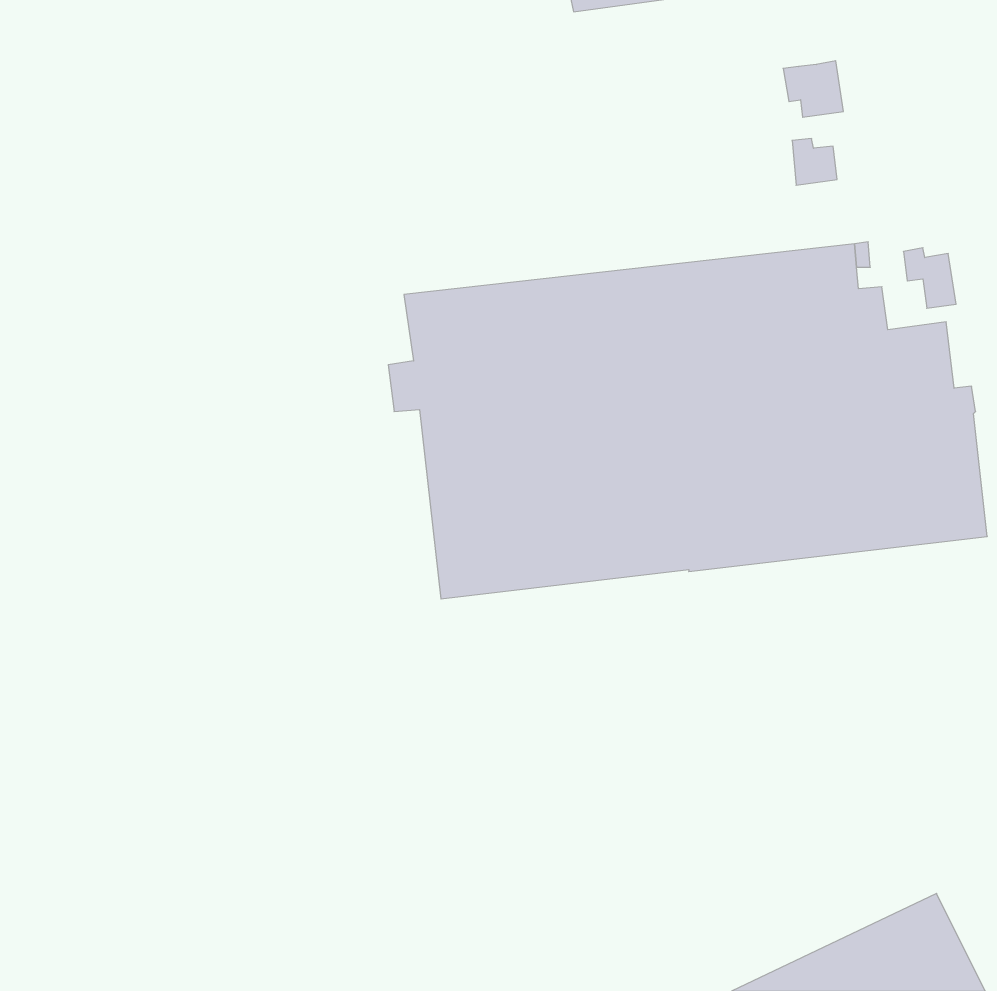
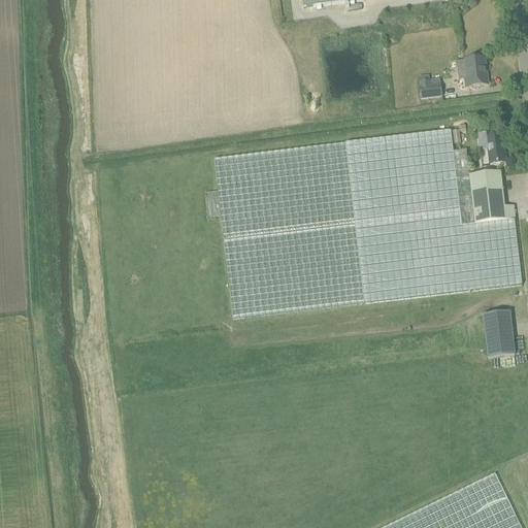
building: [783,61,843,117] -> [456,56,488,86]
building: none -> [483,310,515,357]

